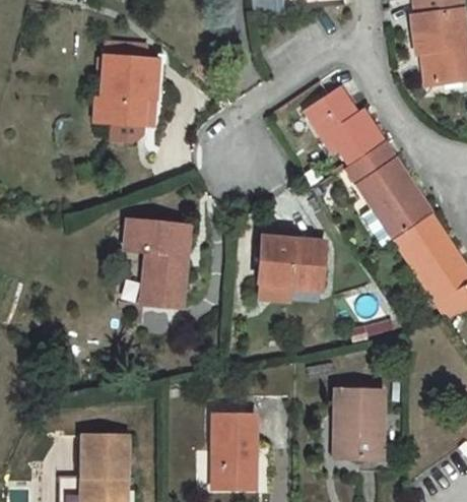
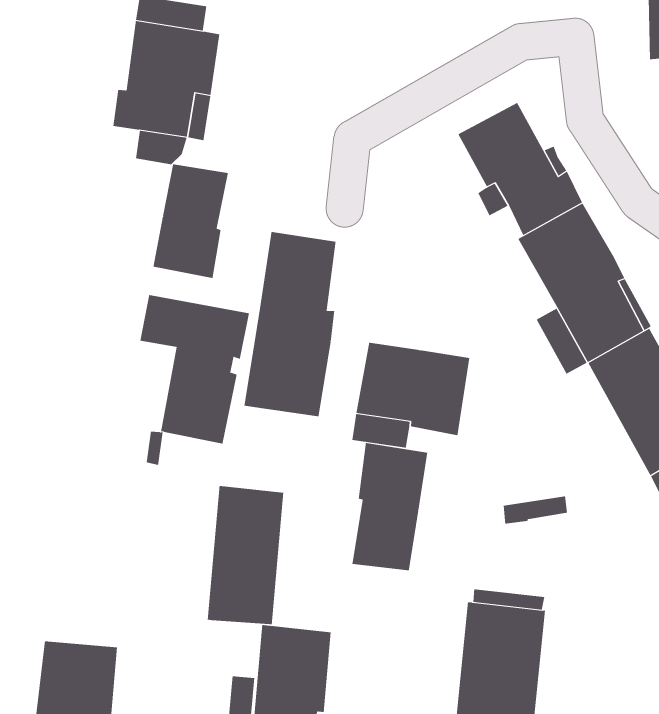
building: none -> [153,164,228,279]
building: none -> [244,231,336,417]
building: none -> [352,442,428,571]
building: none -> [207,485,284,625]

